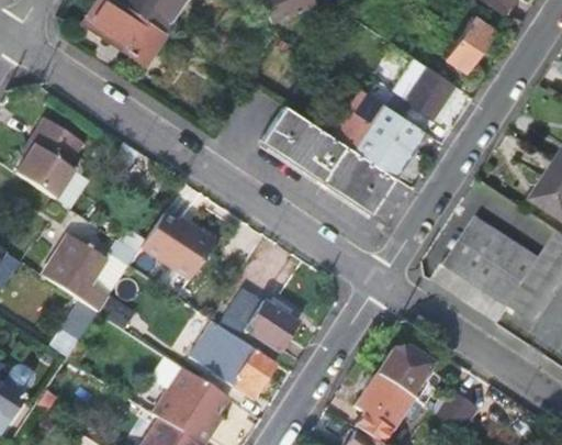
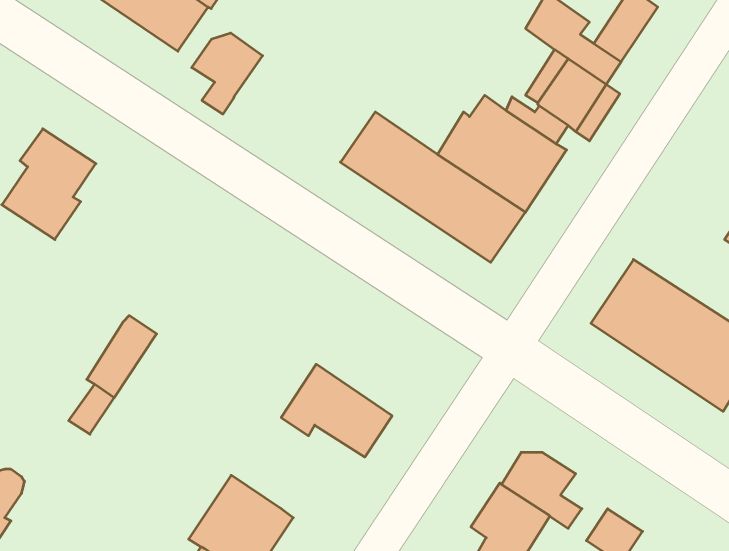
building: none -> [192,33,263,114]
building: [140,213,213,278] -> none
building: [43,235,103,299] -> none
building: [190,323,276,401] -> none

